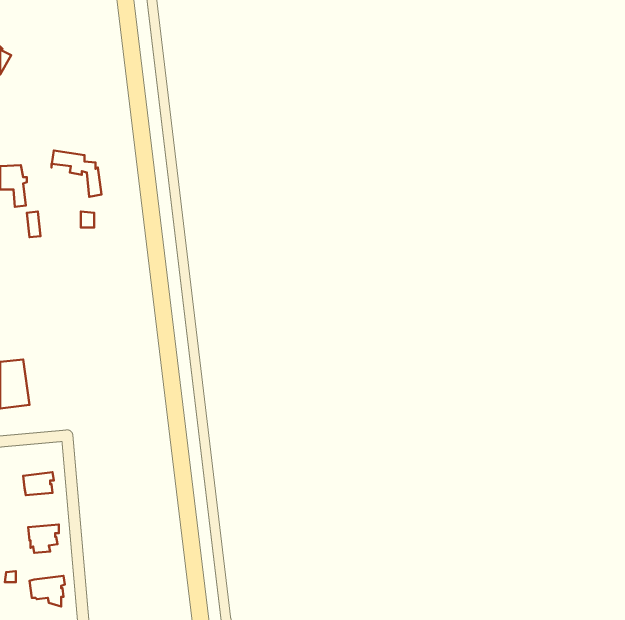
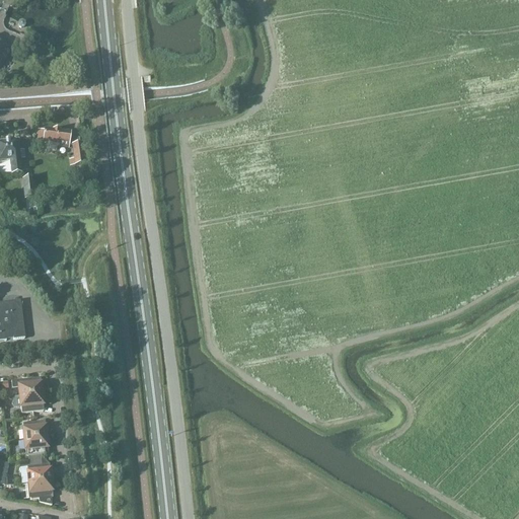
building: none -> [10,375,44,394]
building: none -> [22,419,49,437]
building: none -> [22,457,53,480]

